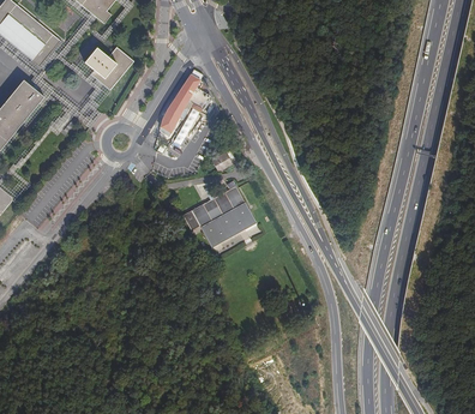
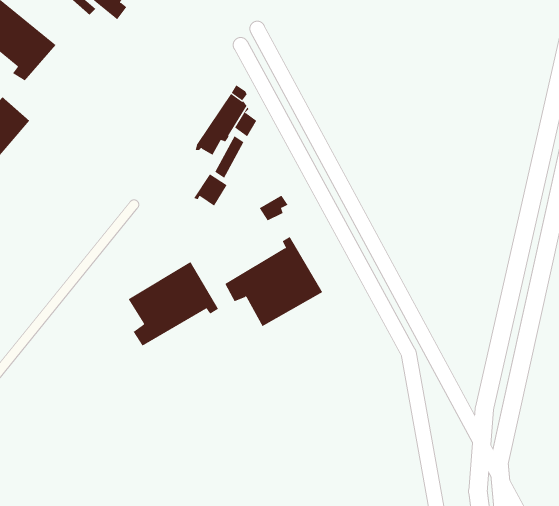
building: [85,46,134,90] -> none
building: none -> [128,261,219,346]

